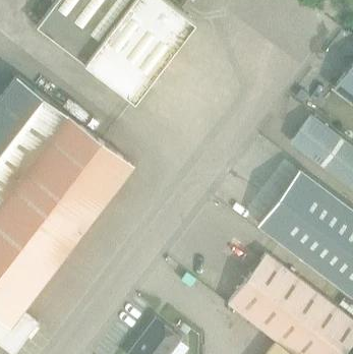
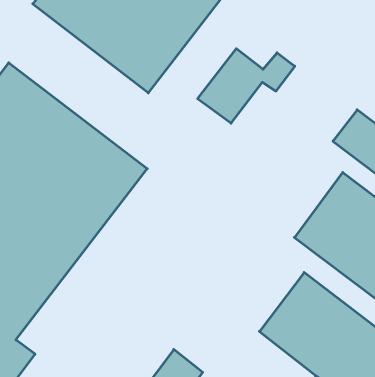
building: none -> [198,49,295,123]

